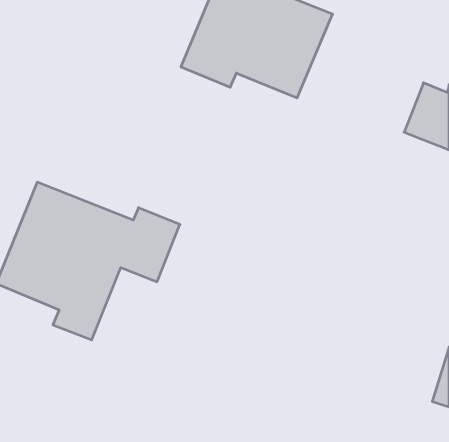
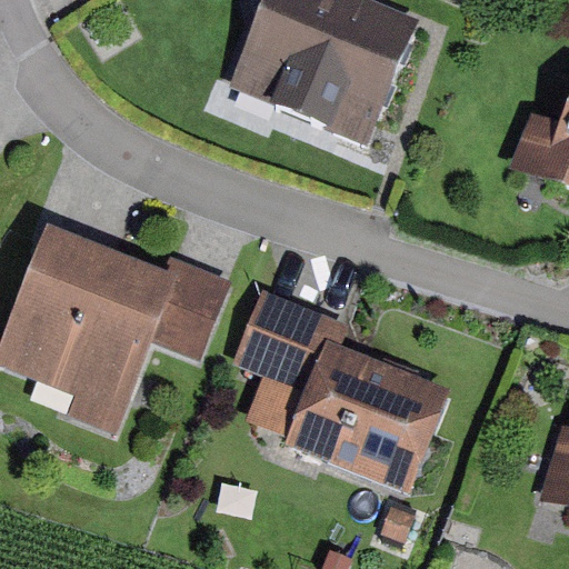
building: none -> [232,288,452,496]

